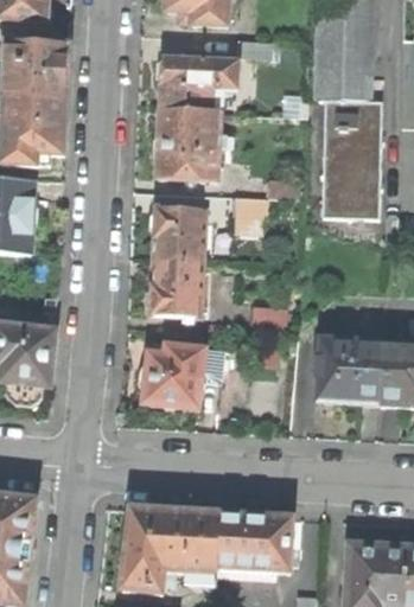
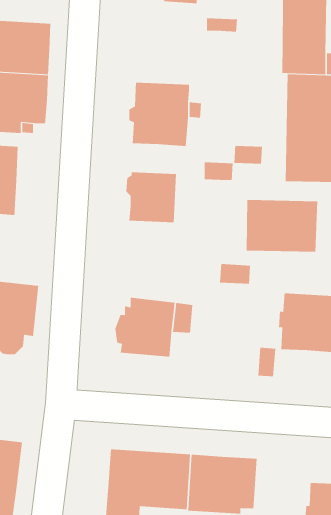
building: [159,47,236,110] -> none
building: none -> [246,199,318,253]
building: [145,258,202,313] -> none

